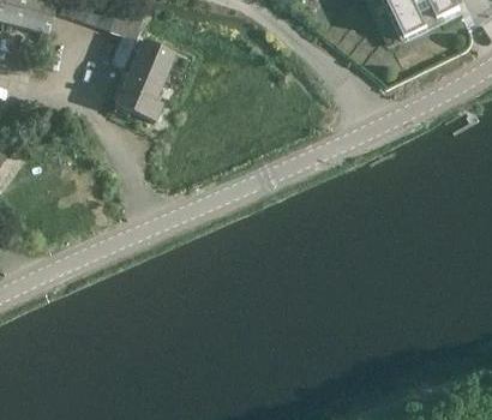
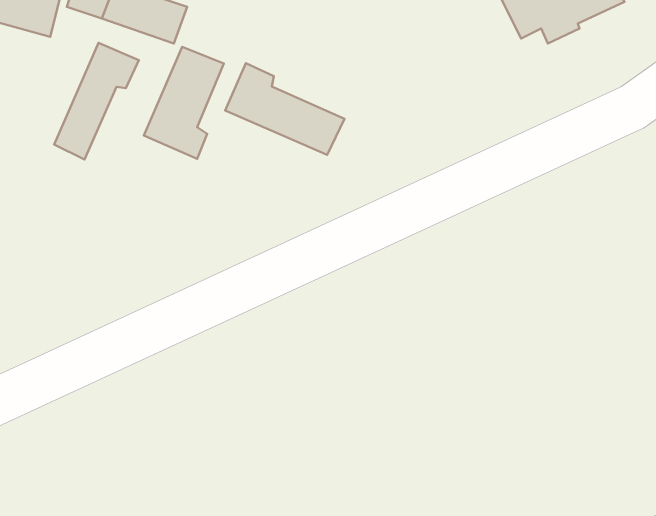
building: none -> [54,43,139,159]
building: none -> [225,63,344,155]

